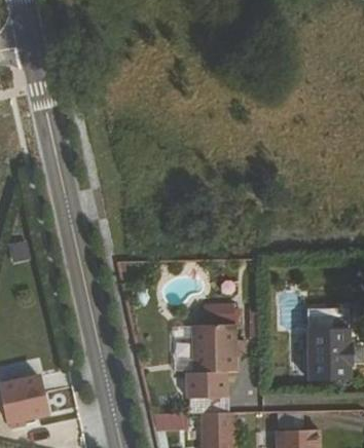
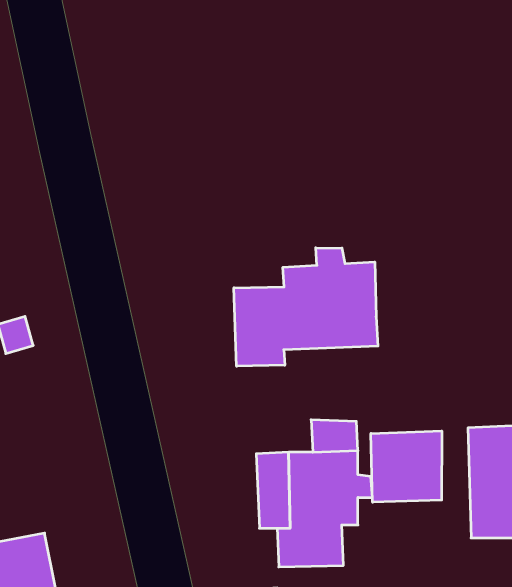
building: none -> [234,248,378,366]
building: none -> [371,431,442,502]

